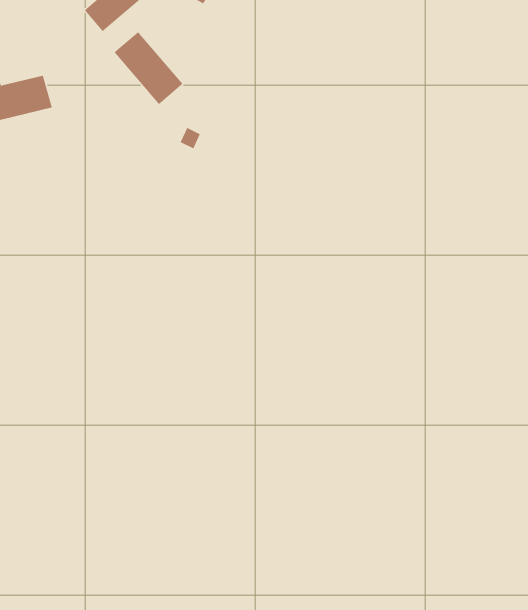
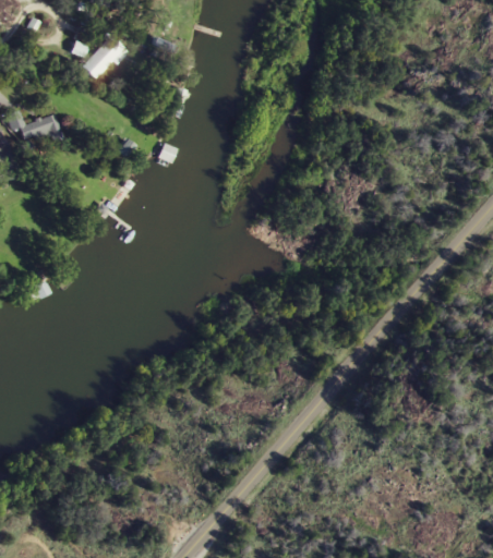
building: [113,31,183,105] -> none

